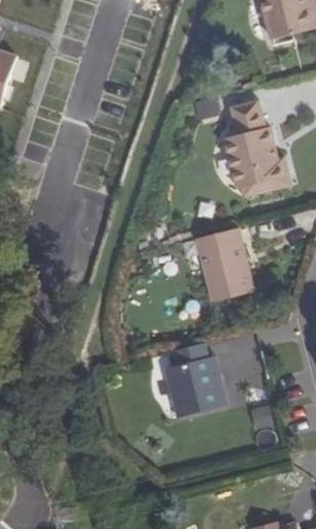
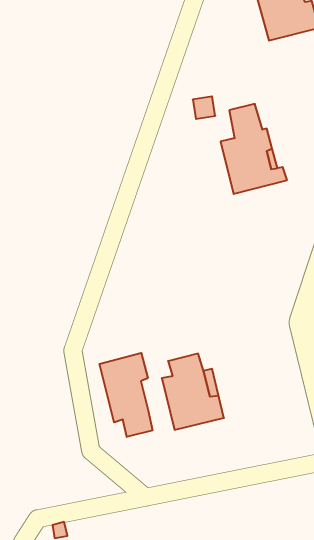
building: [194,226,253,302] -> none
building: none -> [99,353,152,437]

